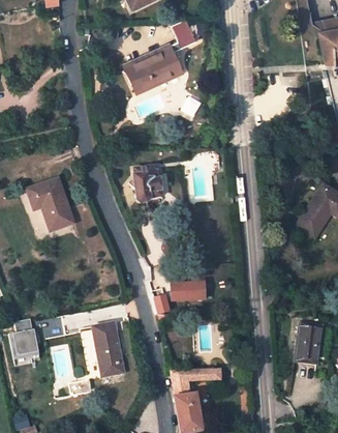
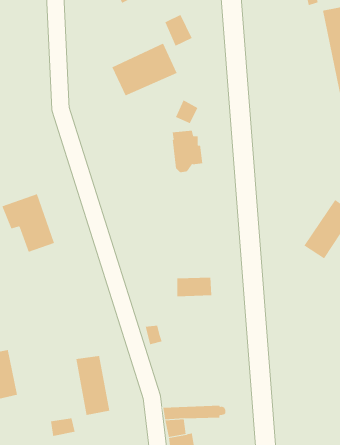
building: [133,165,161,203] -> [172,130,203,173]
building: [170,286,202,304] -> [176,277,212,297]
building: [295,322,322,364] -> none

